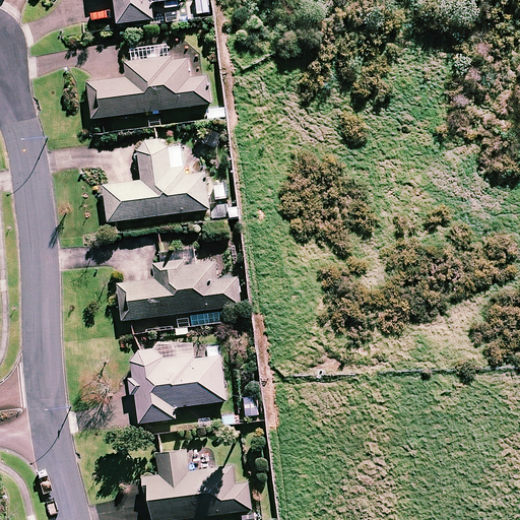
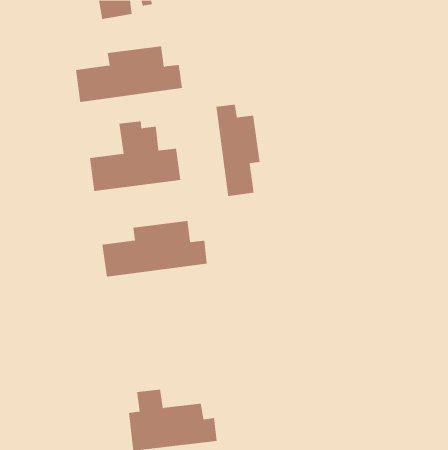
building: none -> [216,104,260,197]
building: [128,353,224,421] -> none

